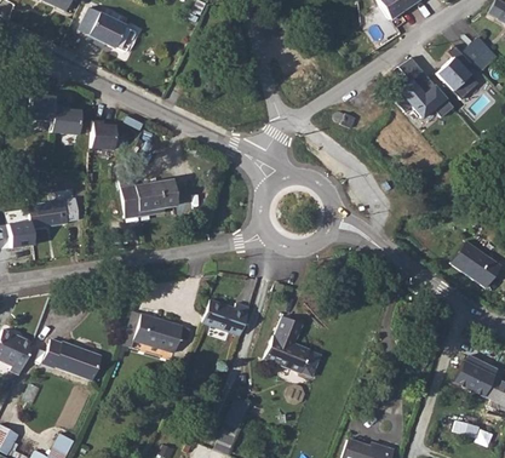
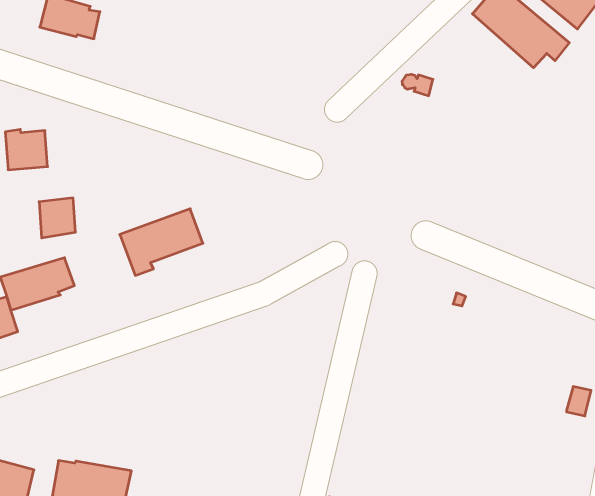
building: [93,122,120,148] -> [39,198,75,238]
building: [201,298,249,334] -> none
building: [133,314,182,351] -> none
building: [264,315,320,374] -> none

